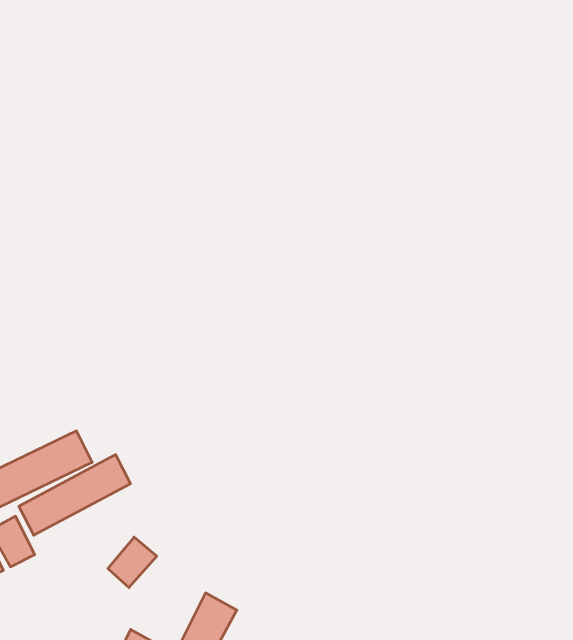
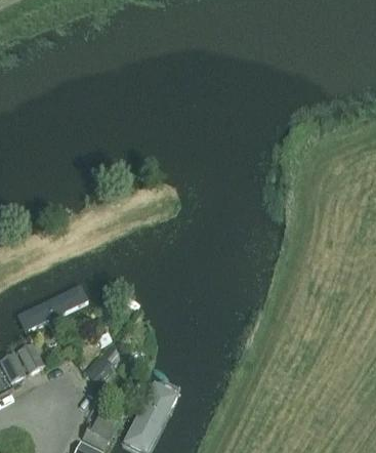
building: [19,455,130,535] -> none

